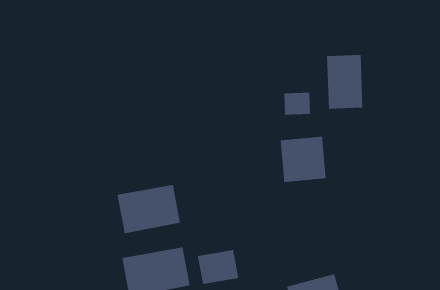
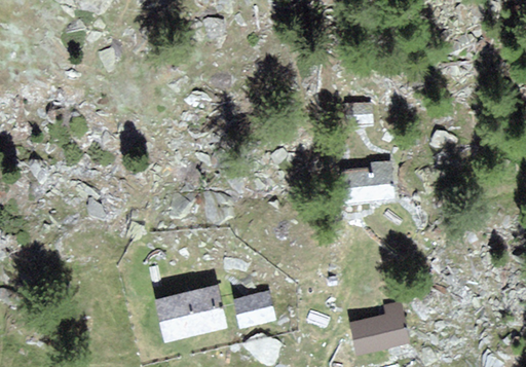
building: [326,54,363,109] -> none
building: [117,184,180,234] -> none

